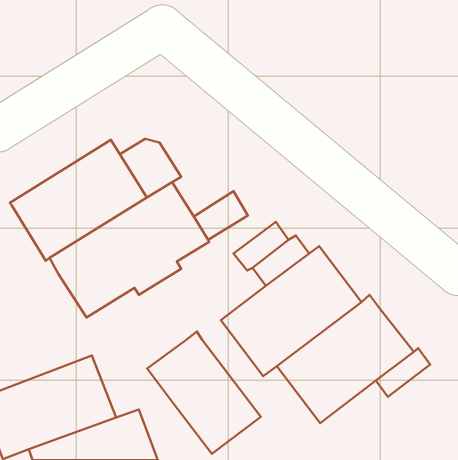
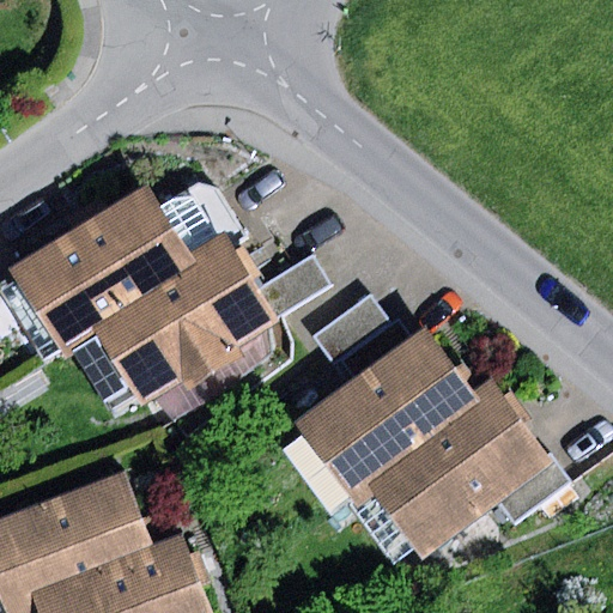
building: [147,332,261,454] -> none

